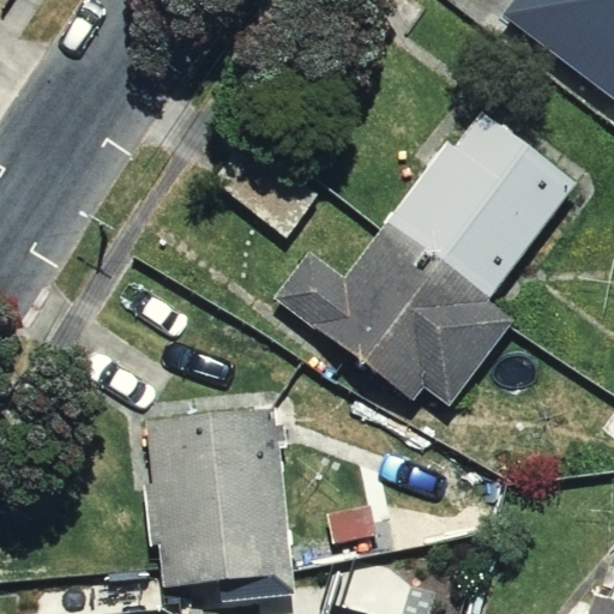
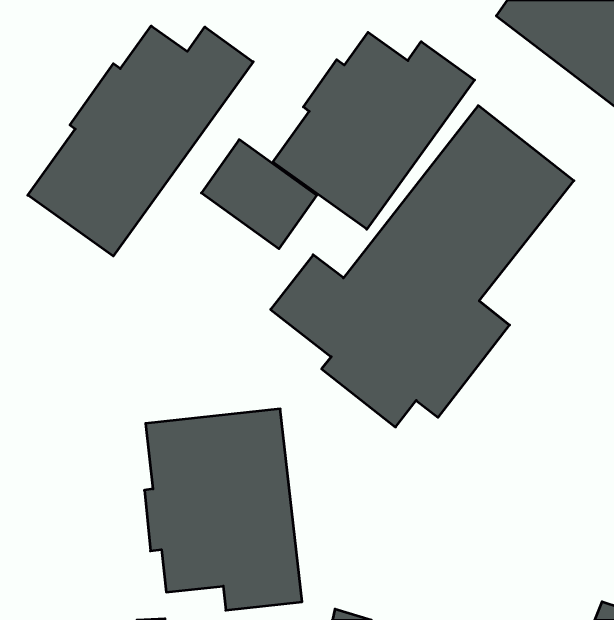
building: none -> [28,26,253,256]
building: none -> [273,32,475,229]

